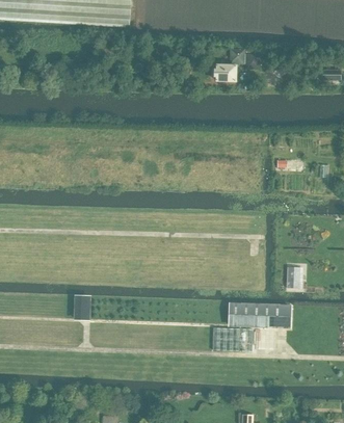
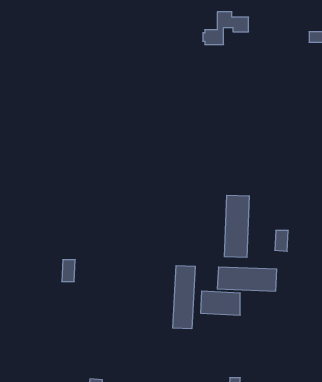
building: none -> [225,195,249,257]
building: none -> [173,266,195,329]

